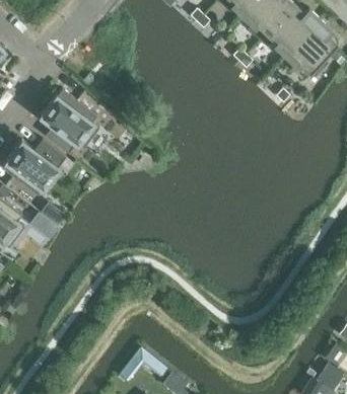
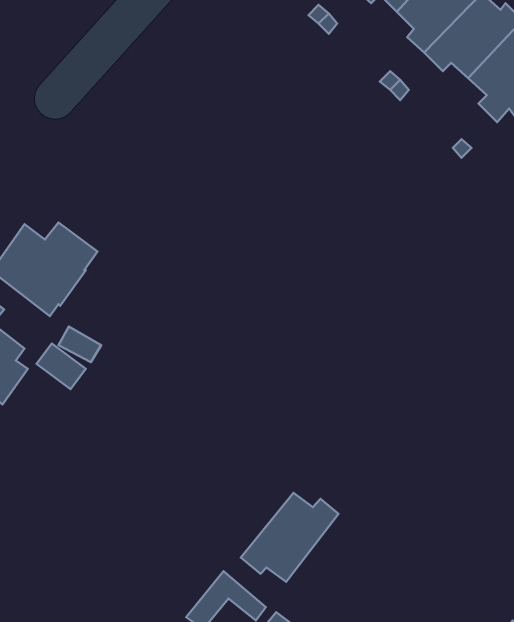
building: [42,89,100,154] -> none
building: none -> [241,493,338,582]

